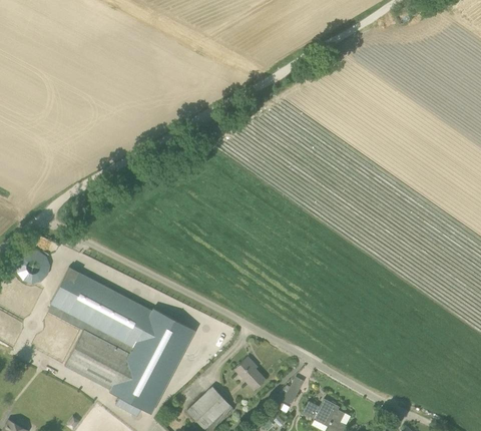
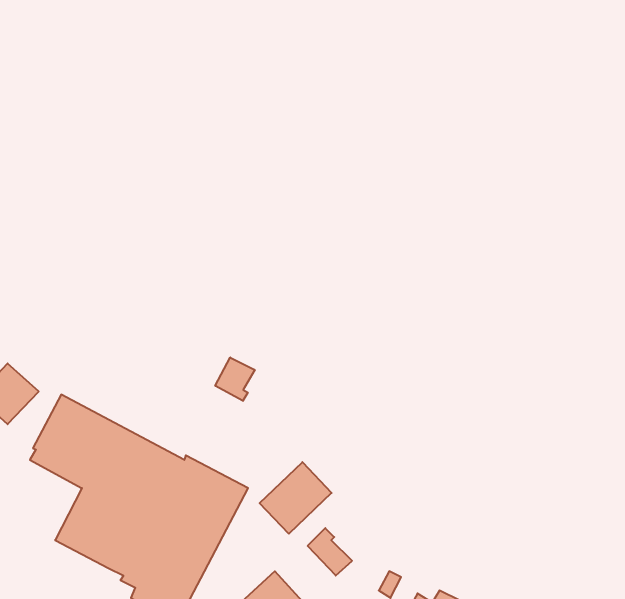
building: none -> [215,357,255,401]
building: none -> [260,462,332,534]

